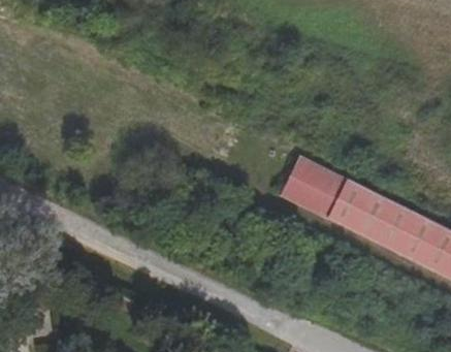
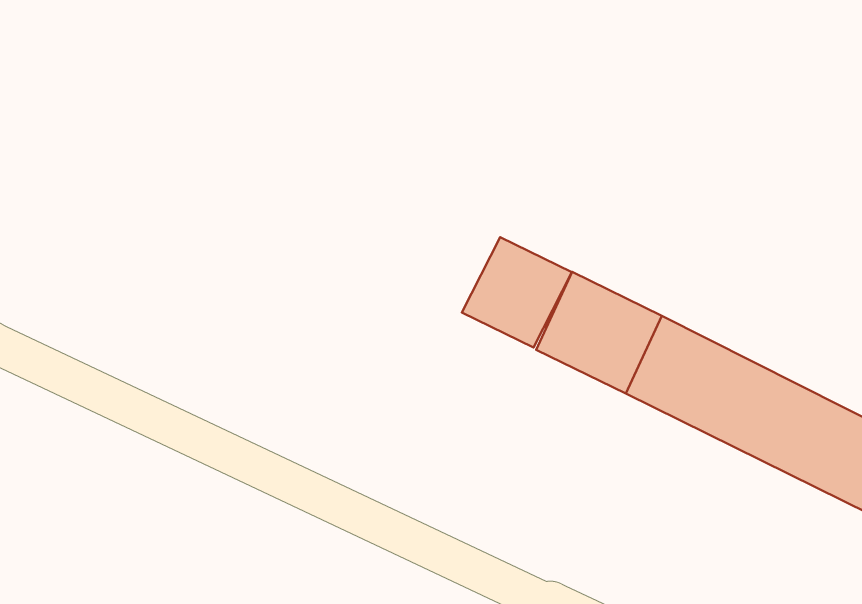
building: none -> [462,237,572,348]

